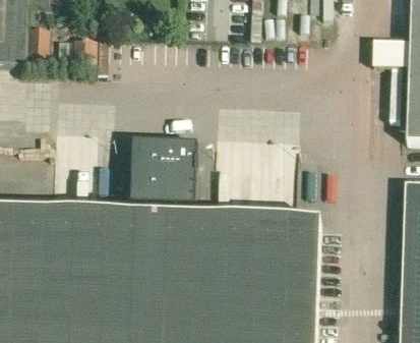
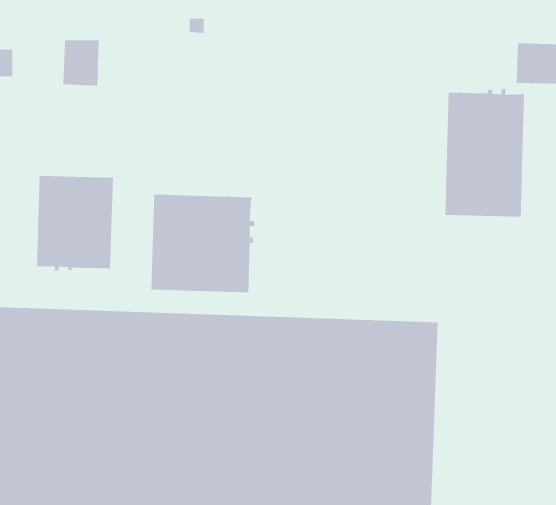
building: none -> [445,88,524,217]
building: none -> [36,175,113,271]

